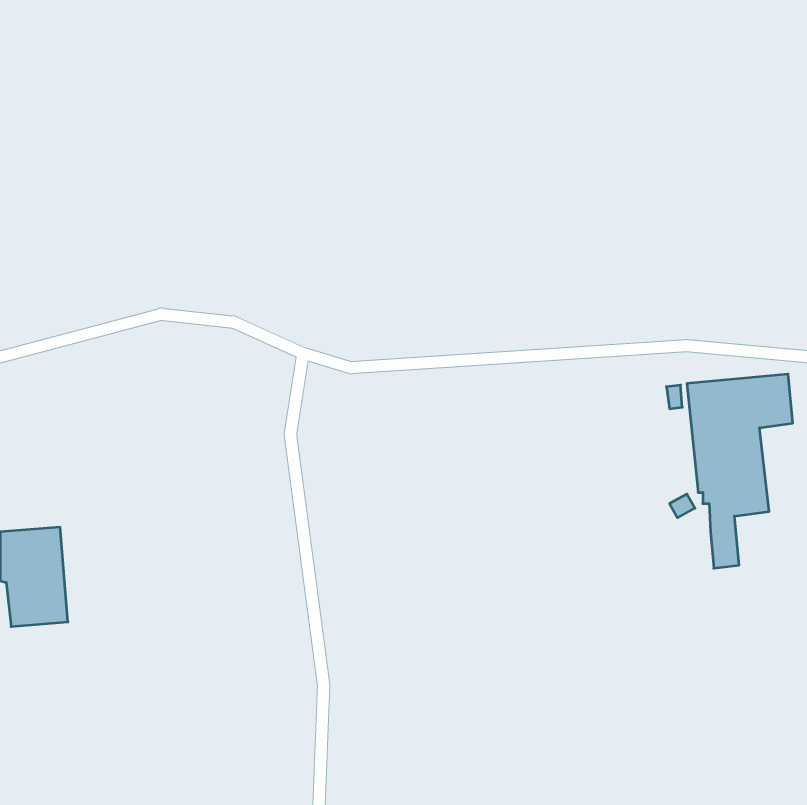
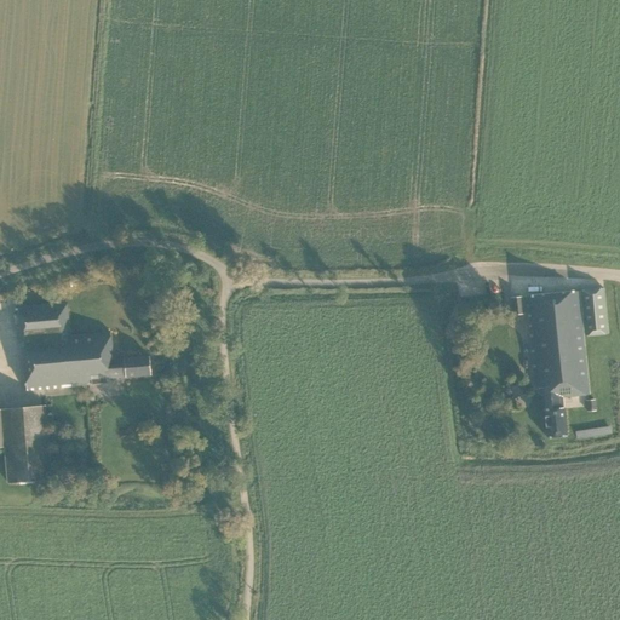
building: none -> [19,302,151,389]

